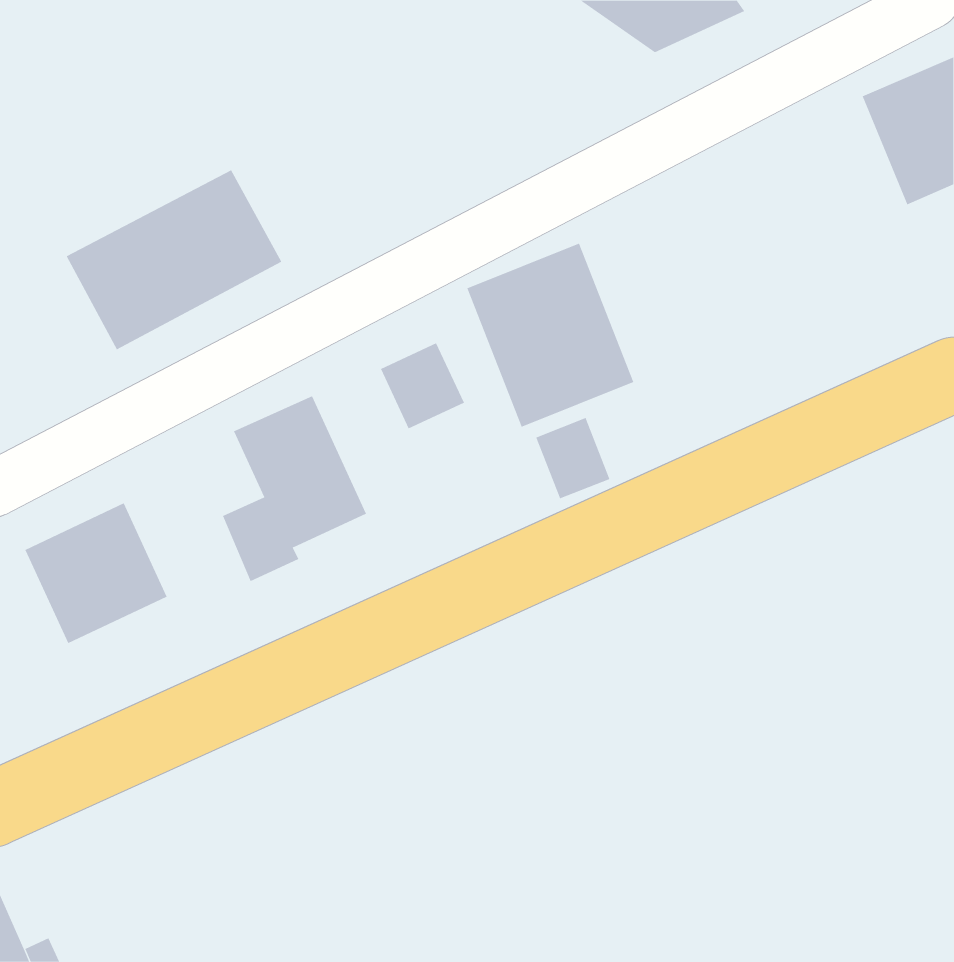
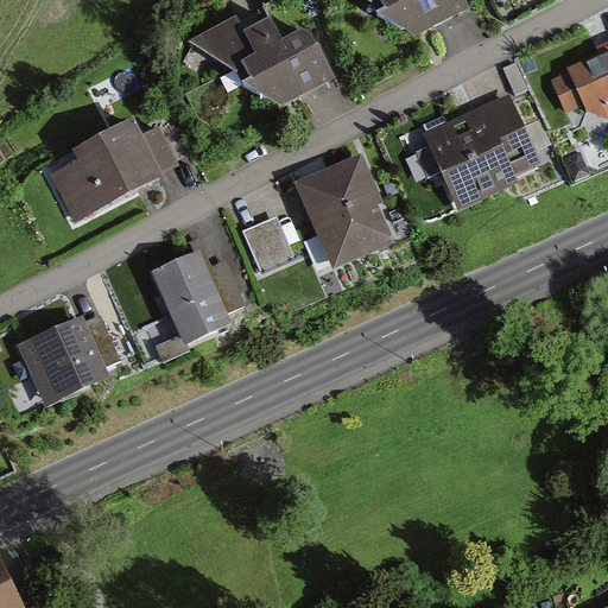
building: none -> [185,15,335,103]
building: none -> [424,94,543,209]
building: [536,417,610,499] -> none

